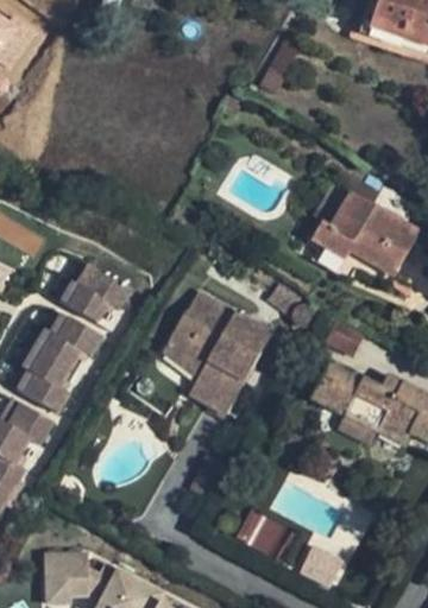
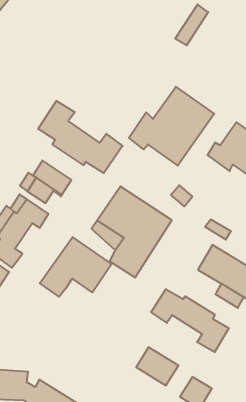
building: none -> [129,87,214,166]
building: none -> [38,101,123,173]
building: none -> [40,237,111,297]
building: none -> [151,289,229,352]

